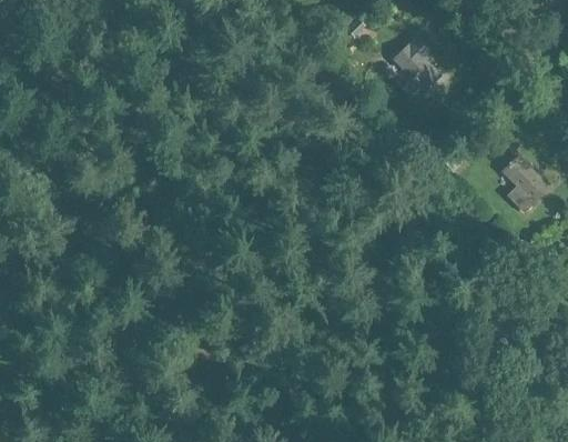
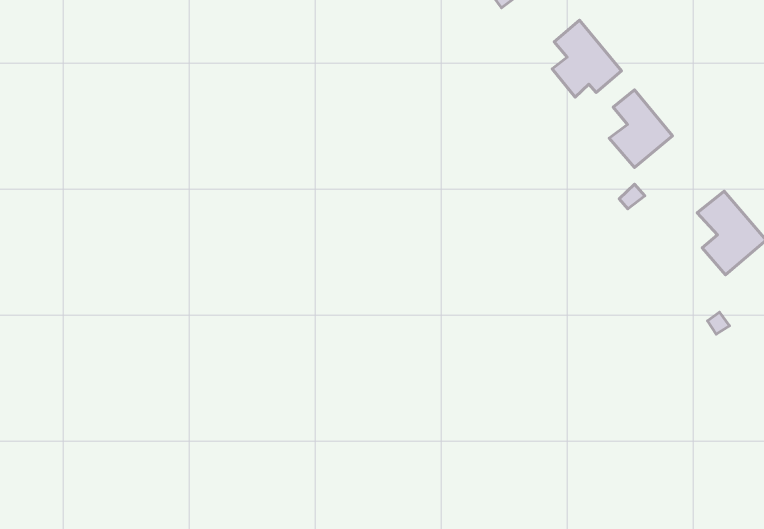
building: none -> [609,90,673,167]

